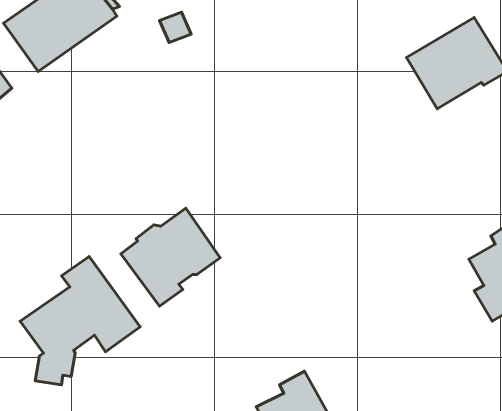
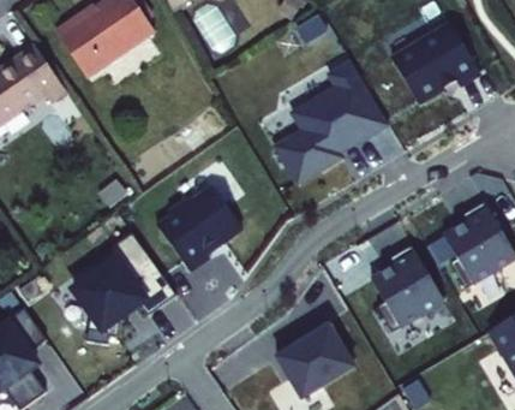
building: none -> [283,61,397,184]
building: none -> [377,248,451,334]

